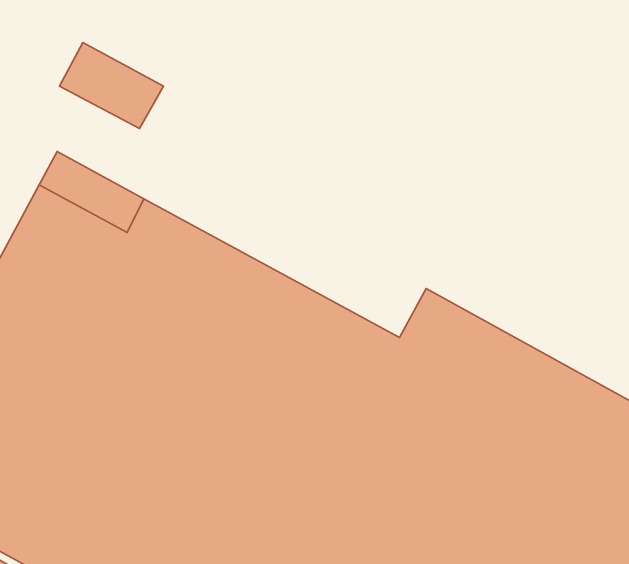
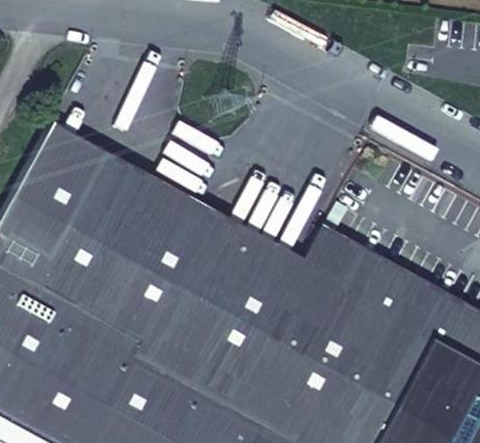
building: [59,43,164,128] -> none

